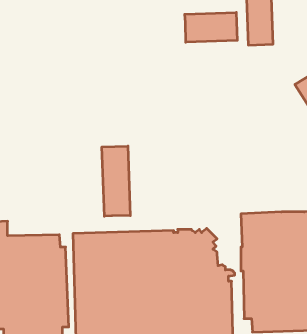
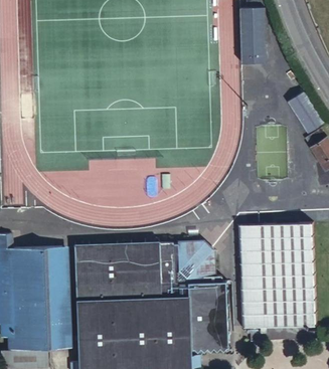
building: [185,12,237,42] -> none
building: [102,146,130,216] -> none

